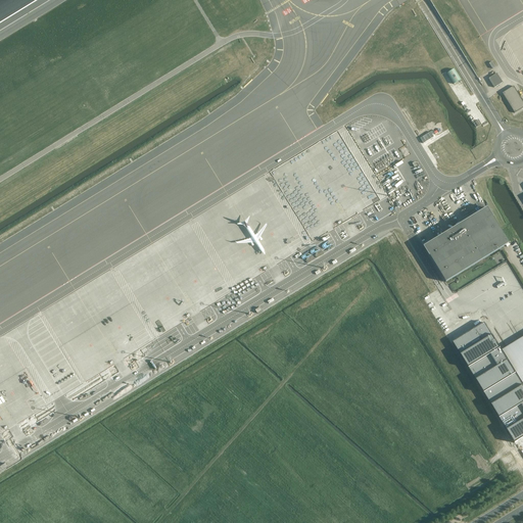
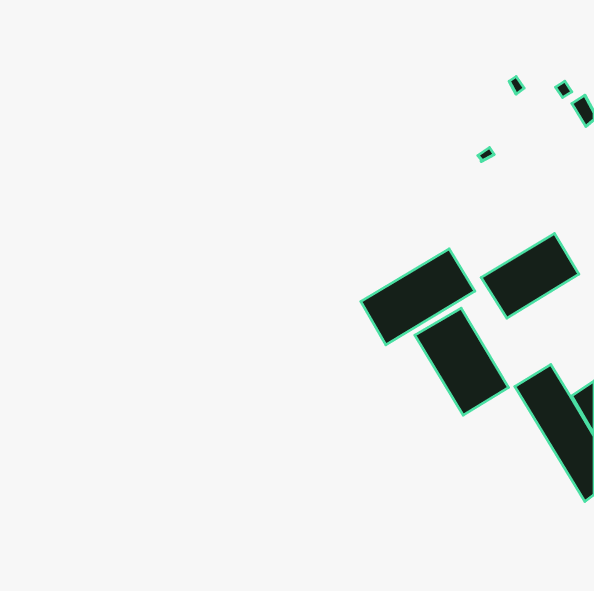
building: none -> [361,249,475,345]
building: none -> [415,308,508,415]

